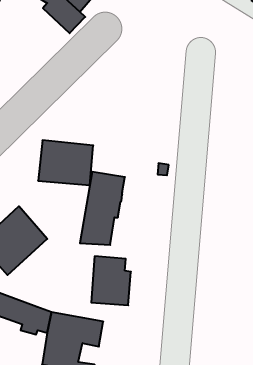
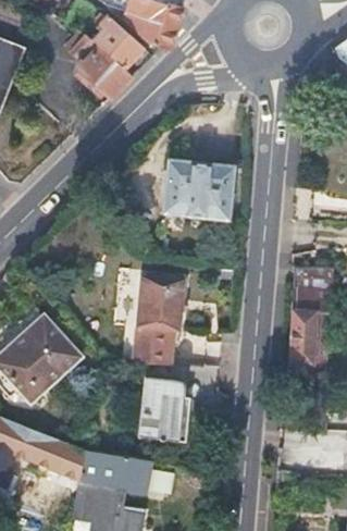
building: [38,140,93,185] -> [163,163,233,220]
building: none -> [288,267,334,379]

